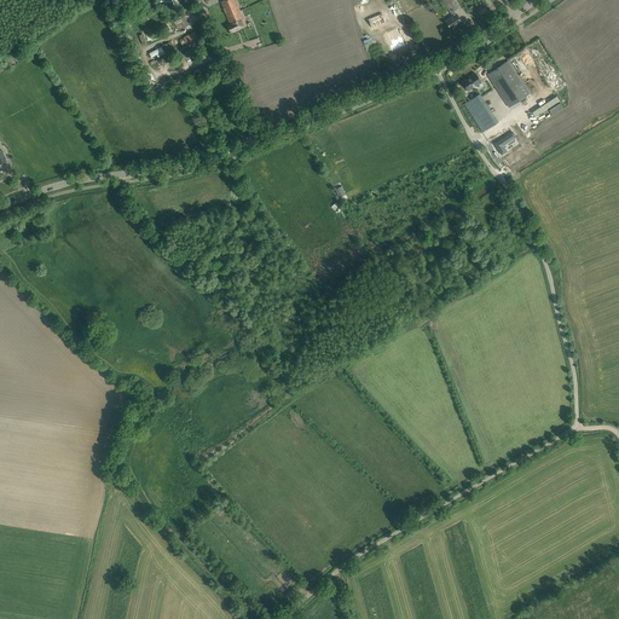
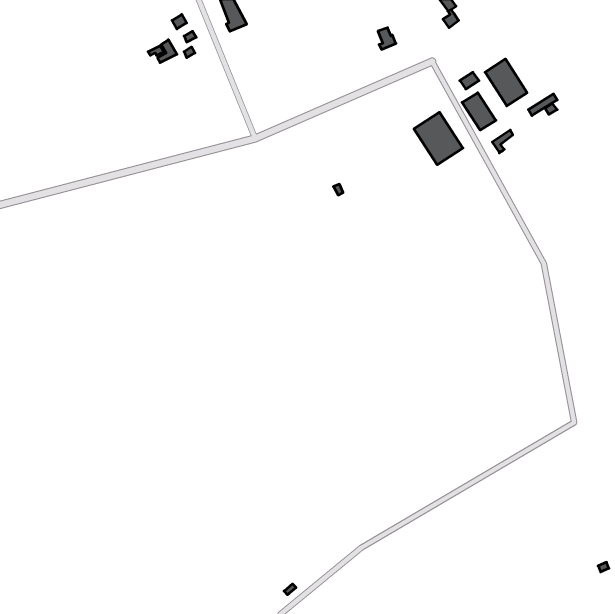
building: none -> [414,112,463,165]

